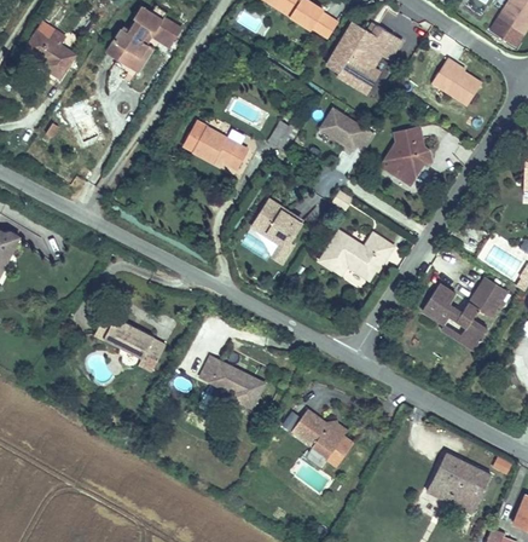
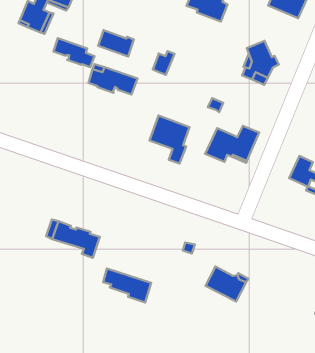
building: none -> [98,30,134,56]
building: none -> [53,38,95,67]
building: [318,108,375,152] -> none
building: [203,356,265,408] -> [103,268,151,302]

